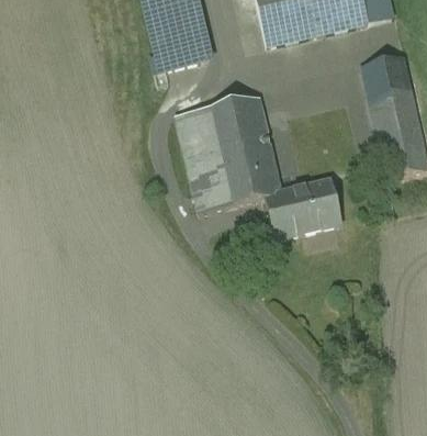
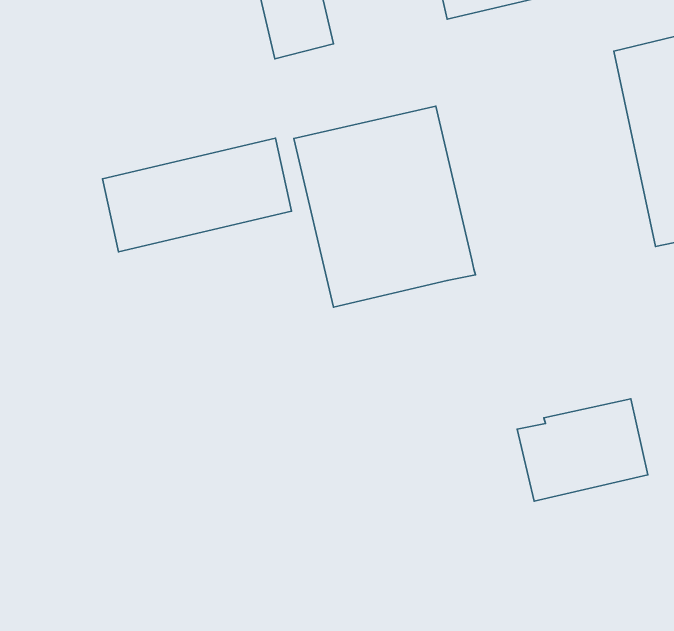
building: none -> [103,138,292,252]
building: [266,179,341,238] -> [517,399,648,501]

